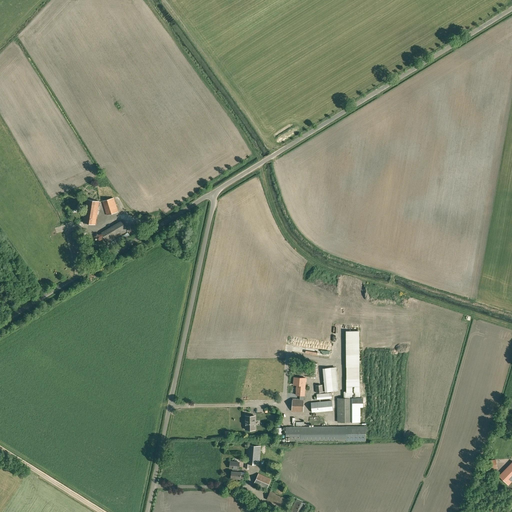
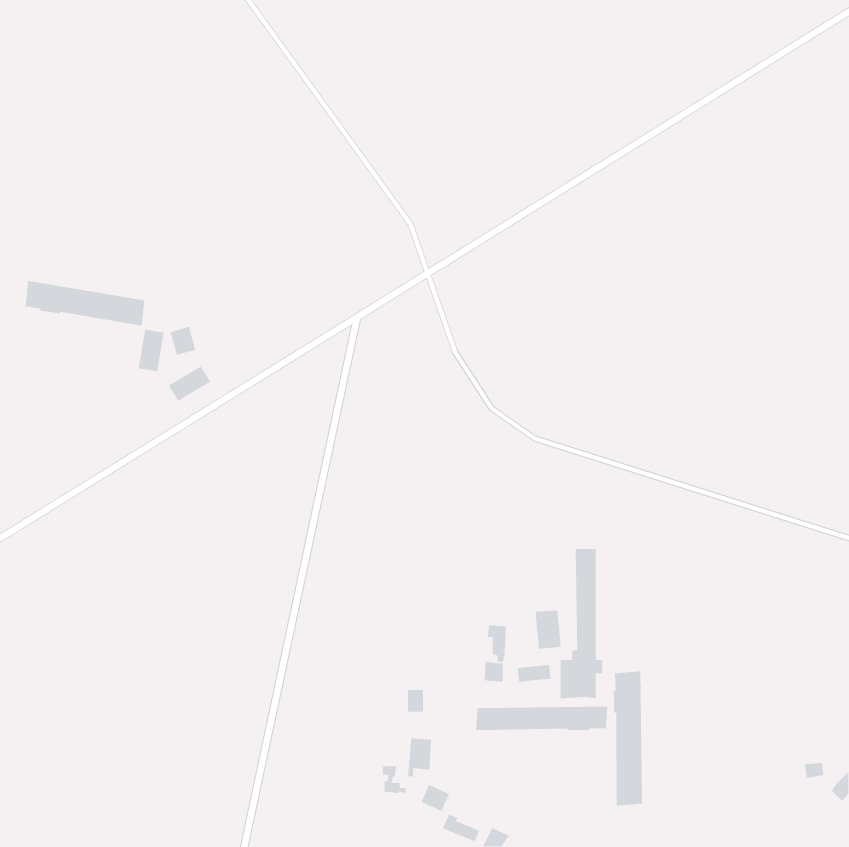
building: none -> [25,280,145,327]
building: none -> [613,670,643,806]

